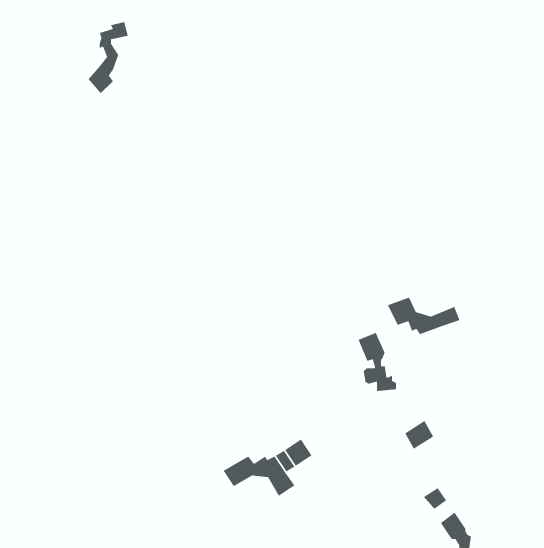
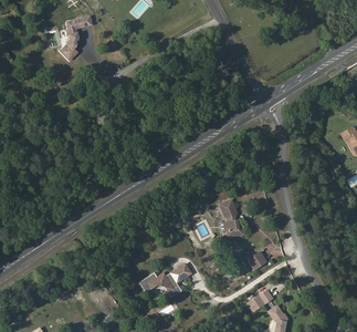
building: [387,296,460,335] -> none

